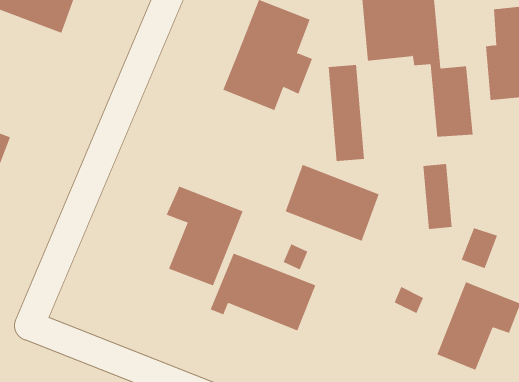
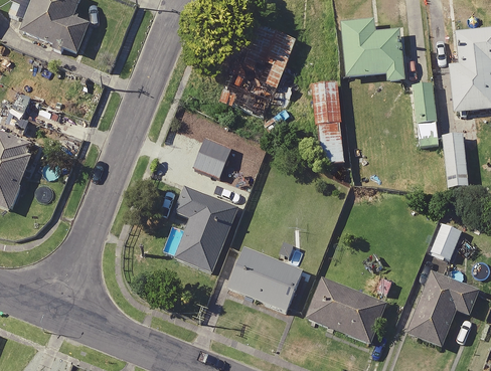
building: none -> [192,138,233,180]
building: [422,164,453,229] -> [443,133,469,190]
building: [285,164,380,242] -> [305,279,387,346]

